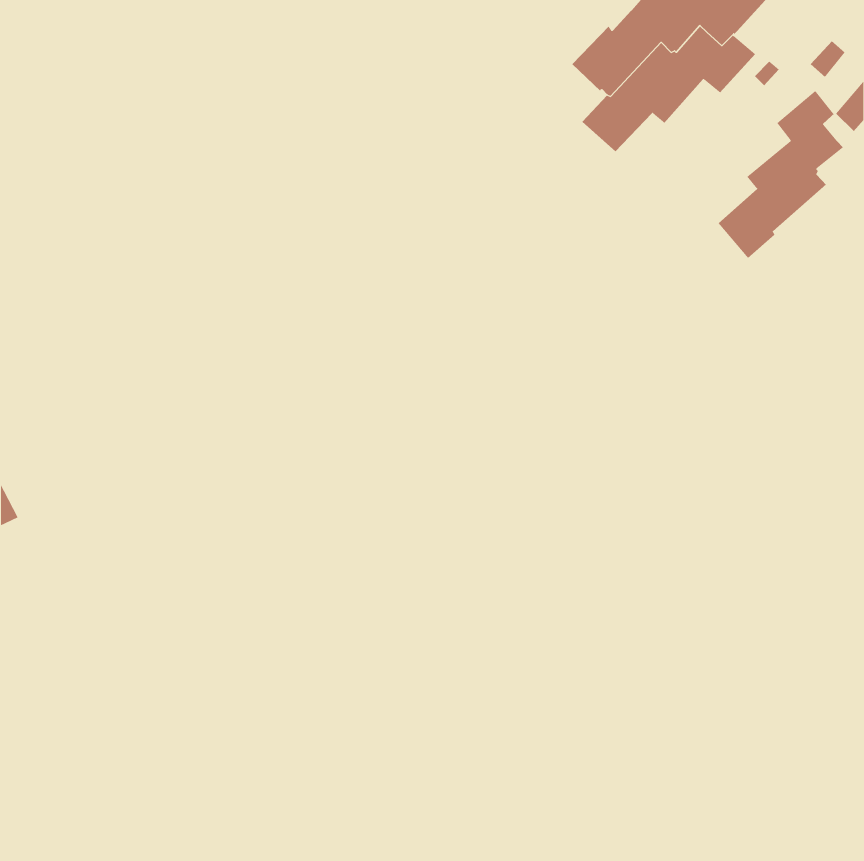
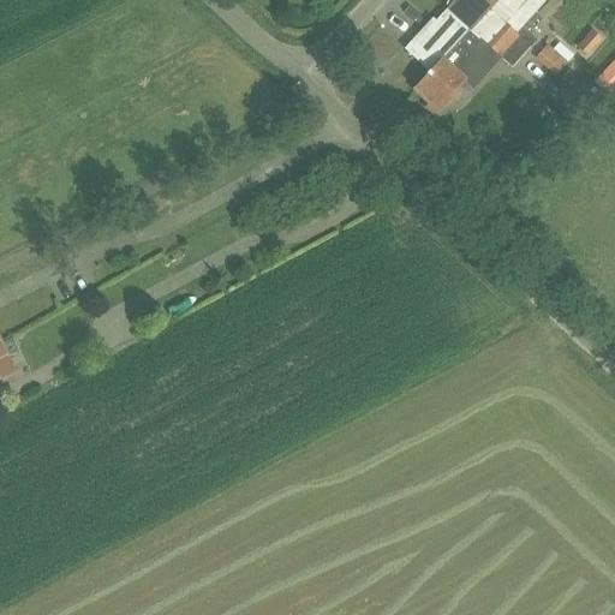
building: [718,90,844,259] -> none

